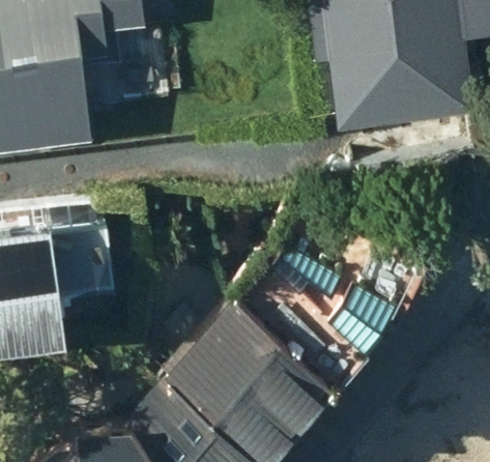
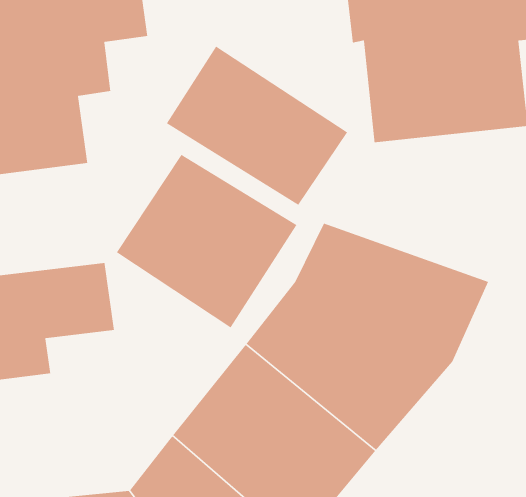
building: none -> [166,46,348,206]
building: none -> [116,154,298,329]

